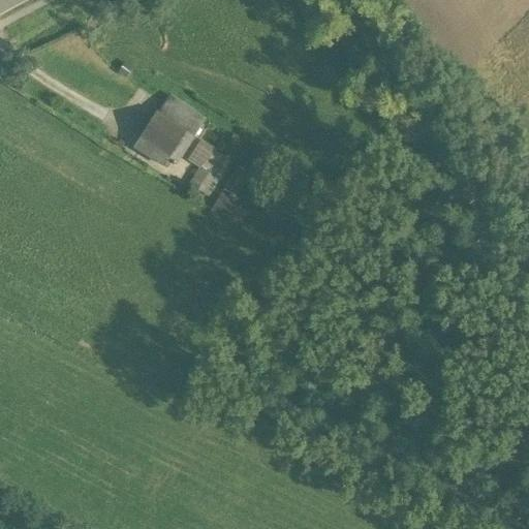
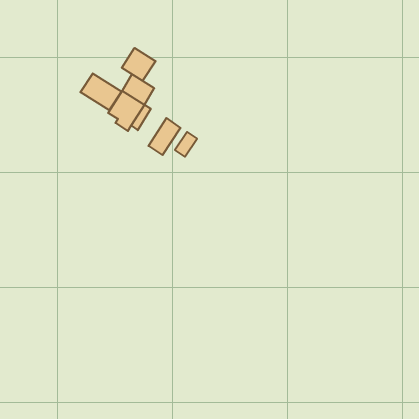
building: none -> [122,48,156,81]
building: none -> [80,73,122,110]

